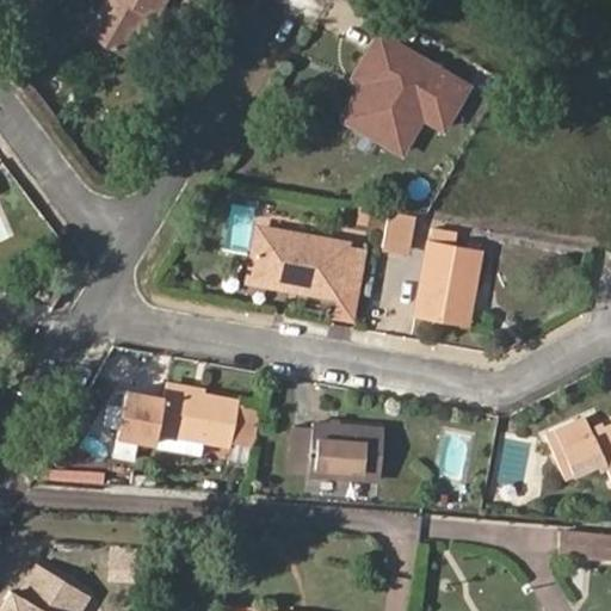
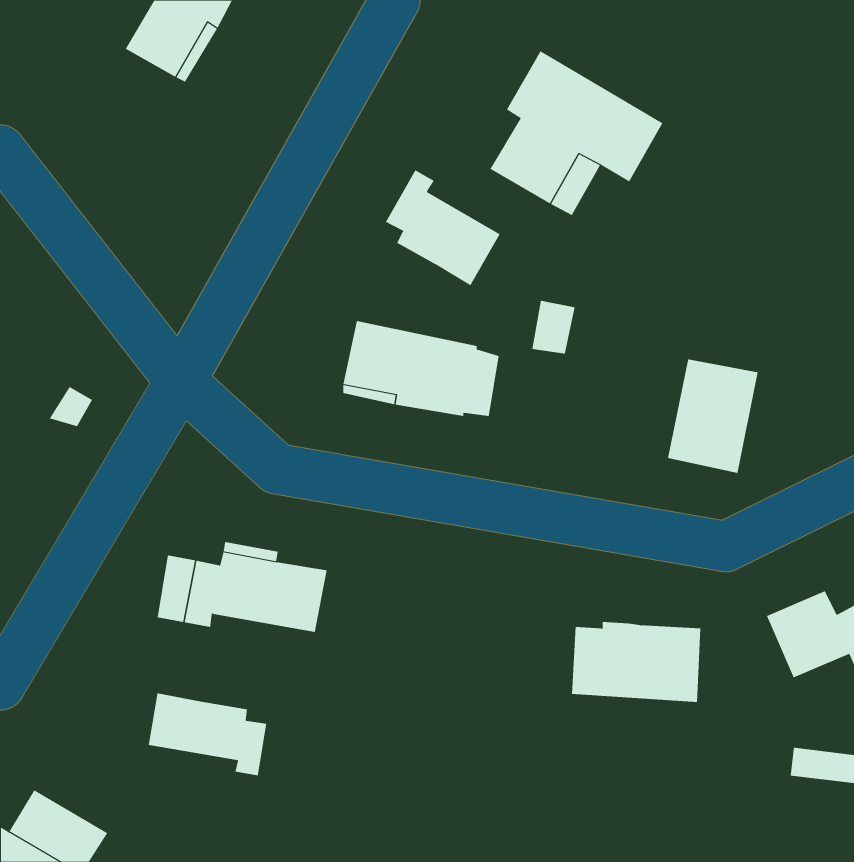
building: none -> [385,170,501,286]
building: [413,246,477,327] -> [667,359,758,473]
building: [289,425,381,482] -> [571,621,701,702]
building: none -> [148,693,267,776]

